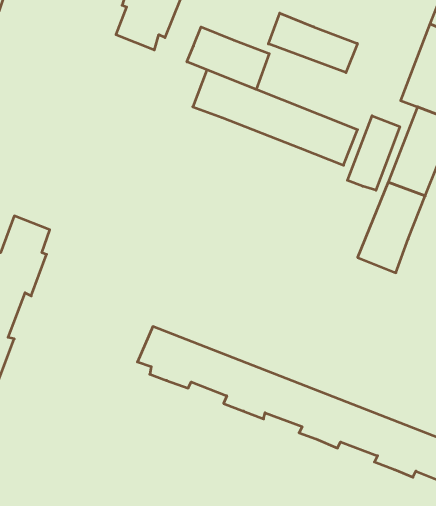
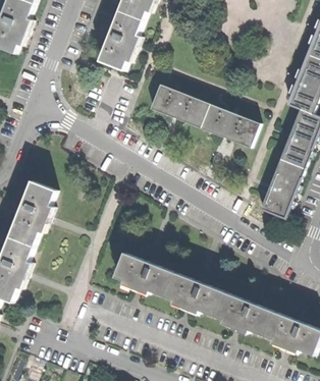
building: [268,13,357,73] -> none
building: [187,27,269,89] -> none
building: [347,116,400,190] -> none

